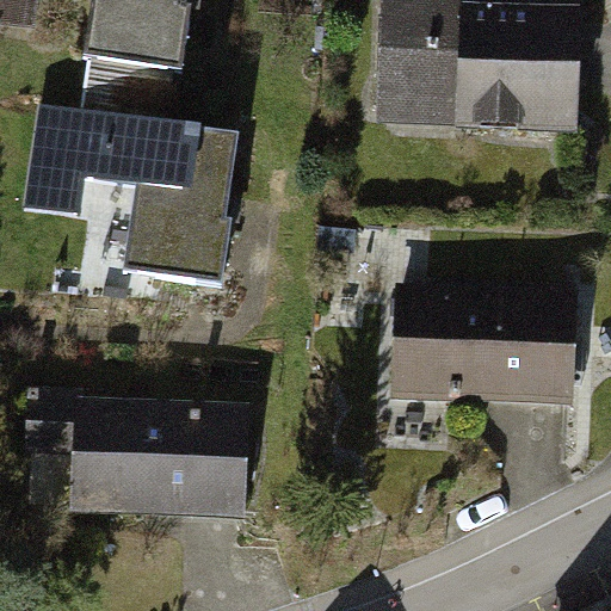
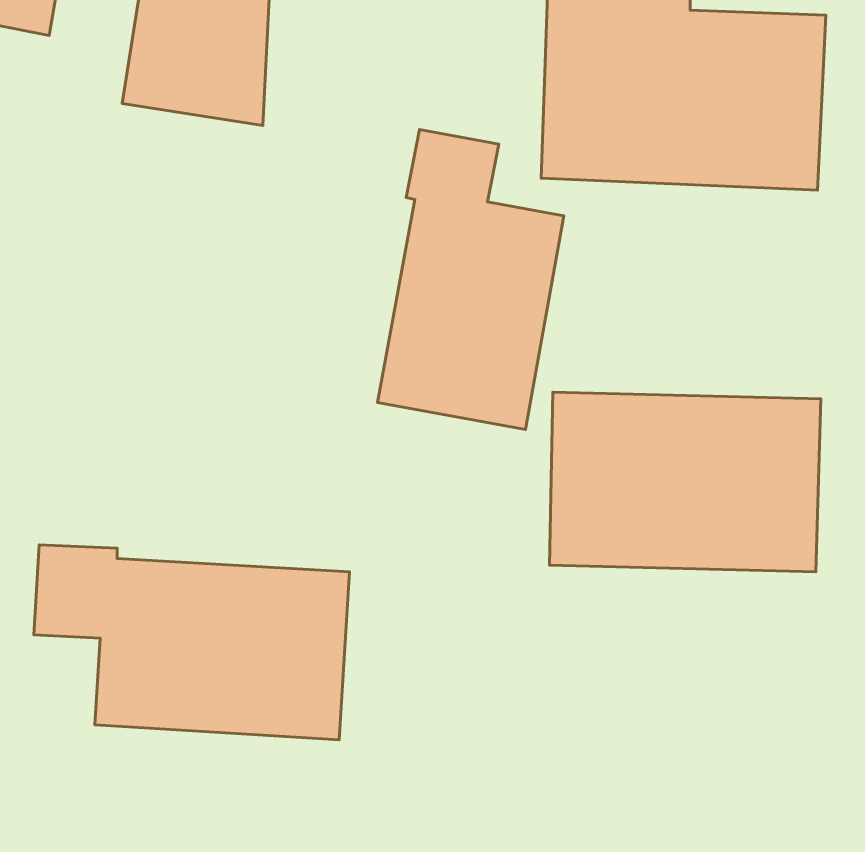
building: none -> [378,130,564,429]
building: [20,103,237,284] -> none

